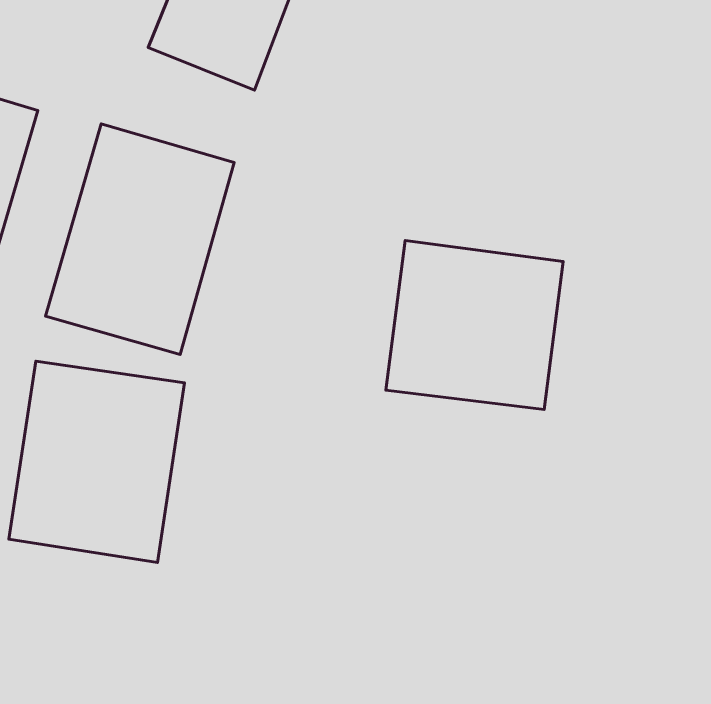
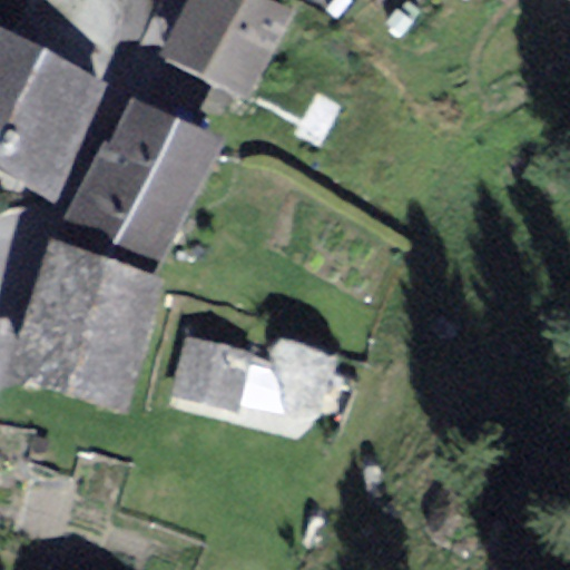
building: [386,240,563,410] -> none
building: none -> [178,338,326,422]

